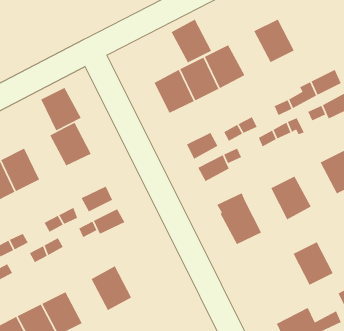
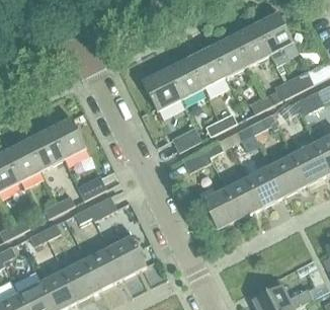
building: none -> [254,13,293,66]
building: [171,19,212,63] -> [210,35,247,76]
building: [40,87,82,132] -> [25,130,63,170]
building: none -> [269,154,307,195]
building: [292,241,334,286] -> [225,177,262,218]
building: none -> [104,228,159,277]
building: none -> [63,259,100,300]

